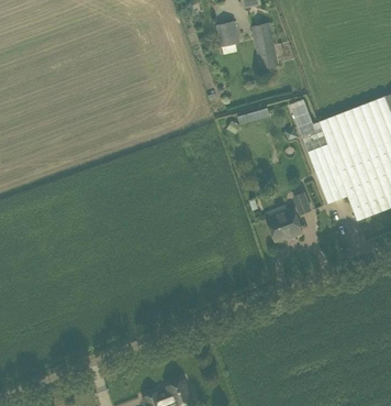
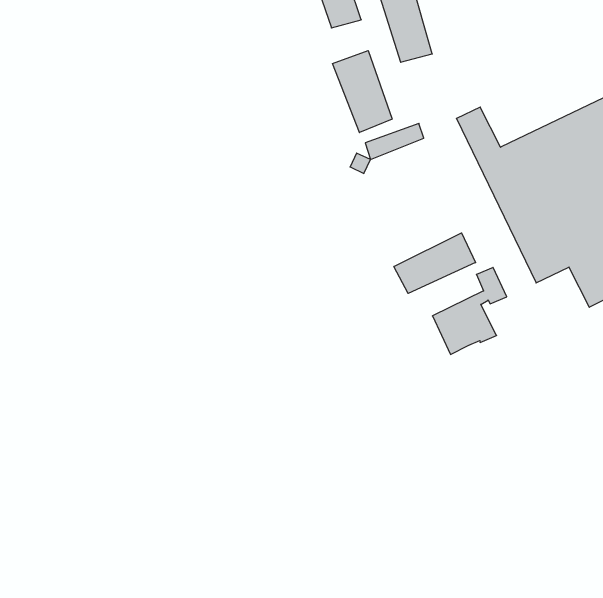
building: none -> [332,51,392,133]
building: none -> [394,233,476,293]

